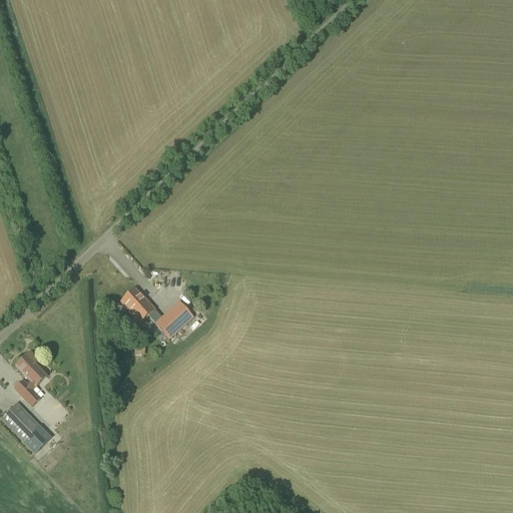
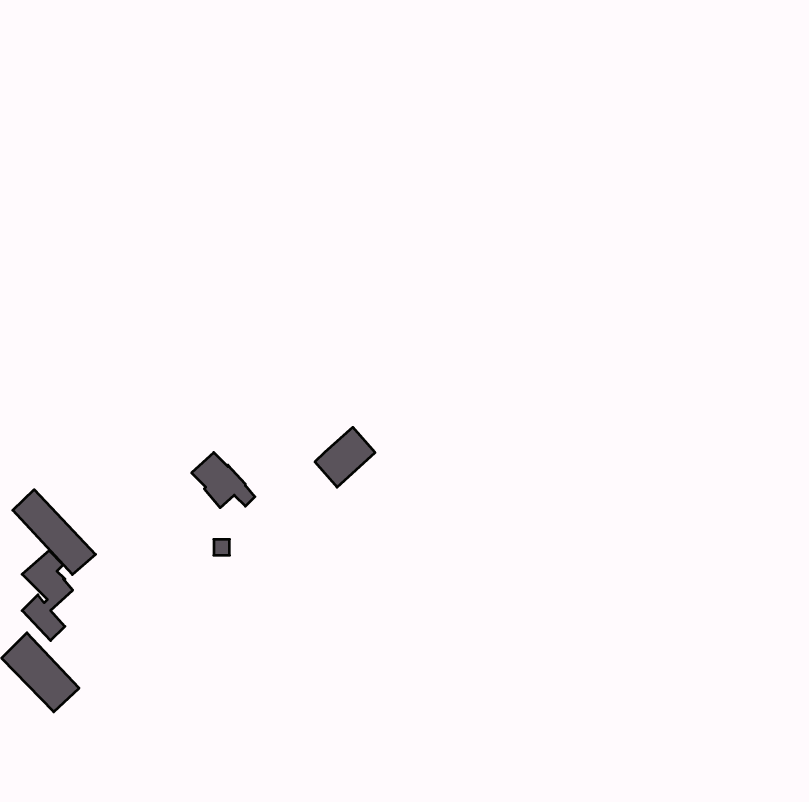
building: [155,299,193,337] -> [315,427,375,487]
building: none -> [13,490,96,575]

